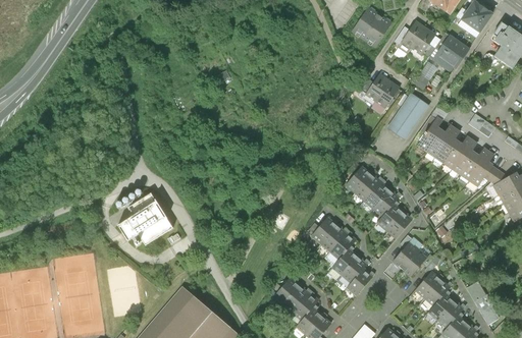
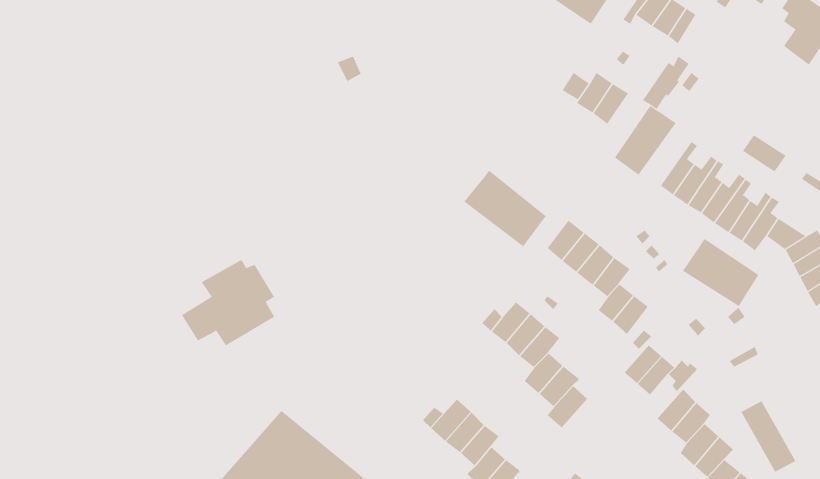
building: [432,36,468,71] -> none
building: none -> [464,170,547,247]
building: none -> [682,238,759,307]

